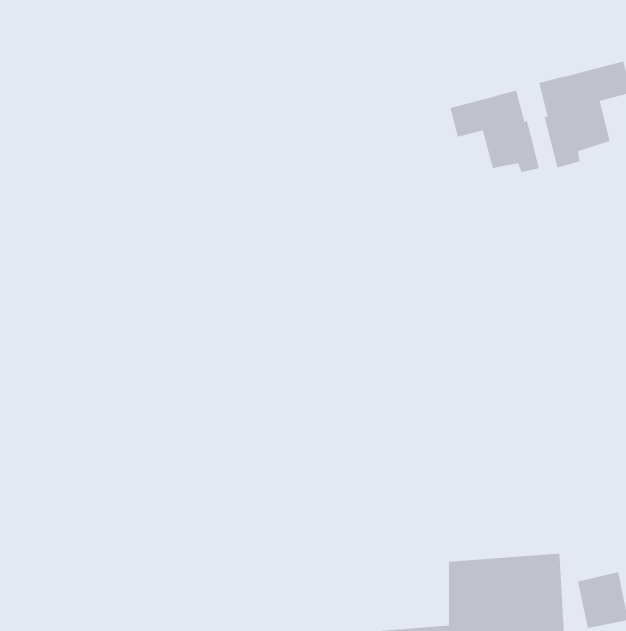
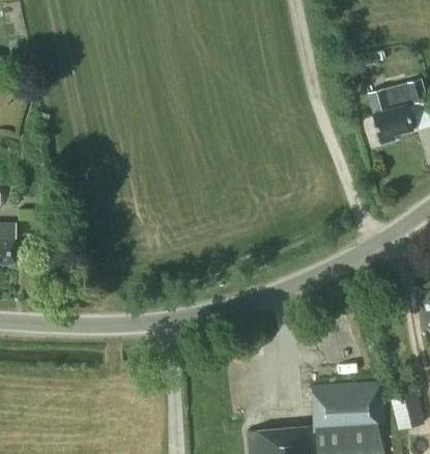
building: [450,90,540,173] -> none

